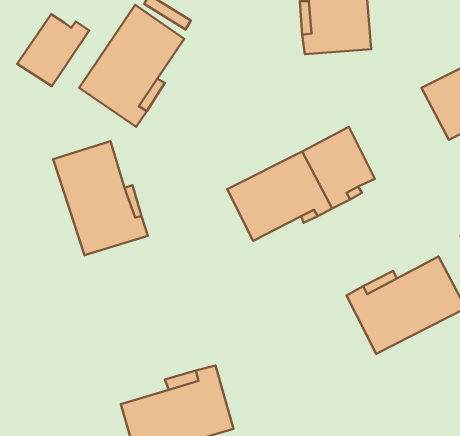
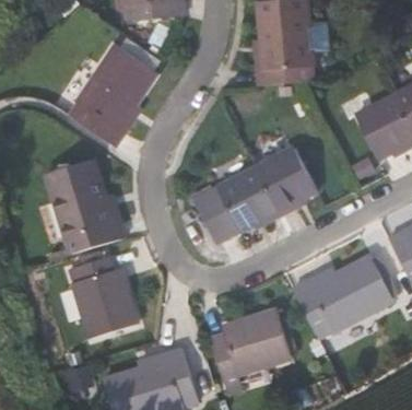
building: [17,14,89,86] -> none
building: none -> [68,257,137,338]
building: none -> [210,309,292,377]

